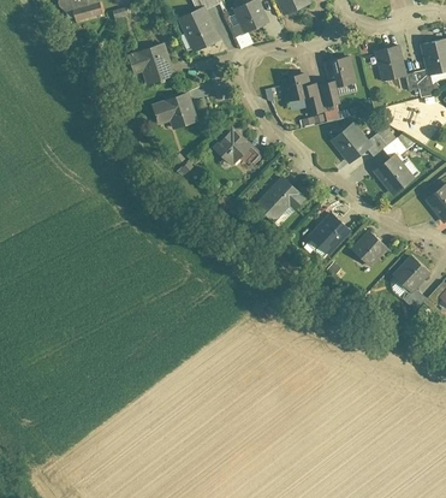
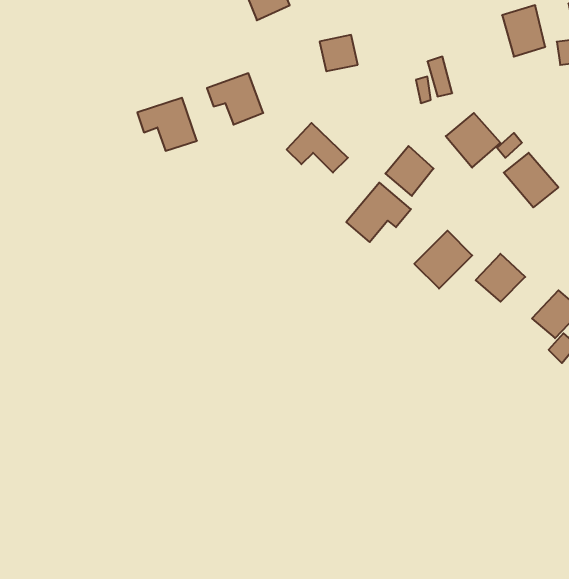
building: [133,46,177,84] -> [137,98,197,151]
building: [326,55,356,90] -> none
building: [281,75,309,101] -> [320,35,358,71]
building: none -> [385,146,434,196]

